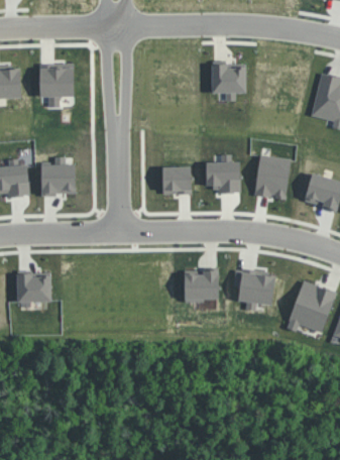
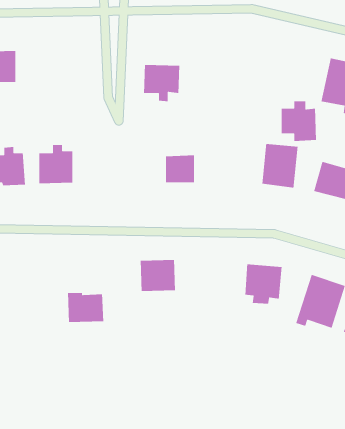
building: [39,64,74,107] -> none
building: [211,65,246,101] -> [143,64,180,102]
building: [206,154,240,194] -> [281,100,317,142]
building: [184,269,218,301] -> [140,259,176,292]
building: [16,273,51,303] -> [67,292,104,323]

